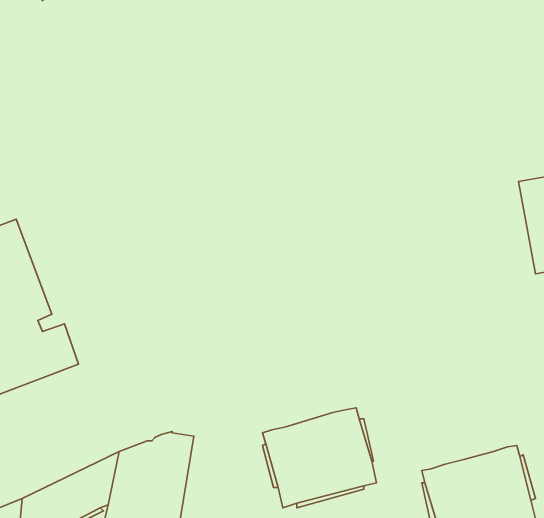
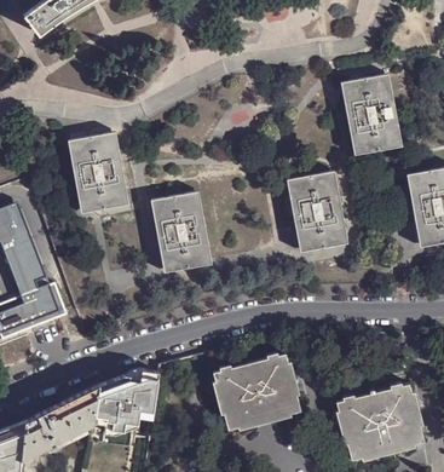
building: none -> [344,75,398,155]
building: none -> [70,134,123,213]
building: none -> [289,174,344,253]
building: none -> [154,192,208,274]

